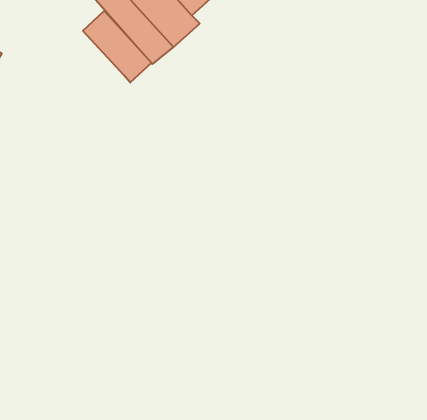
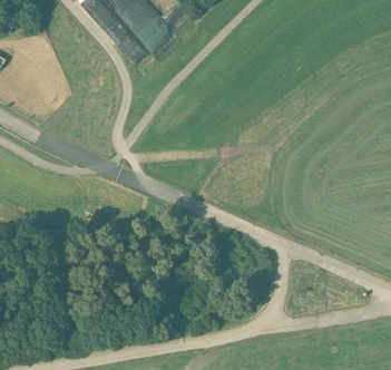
building: [83,11,152,83] -> none

